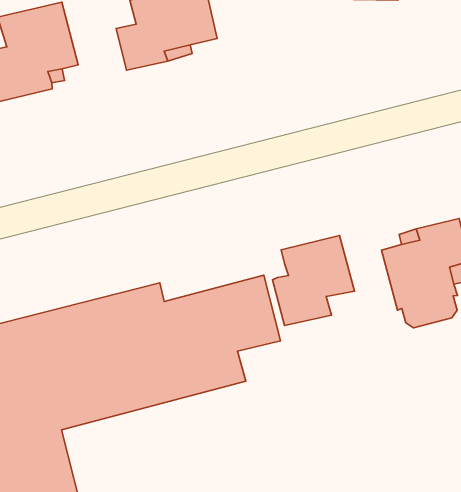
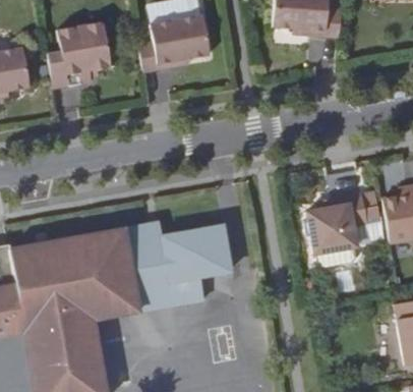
building: [273,235,355,326] -> none

